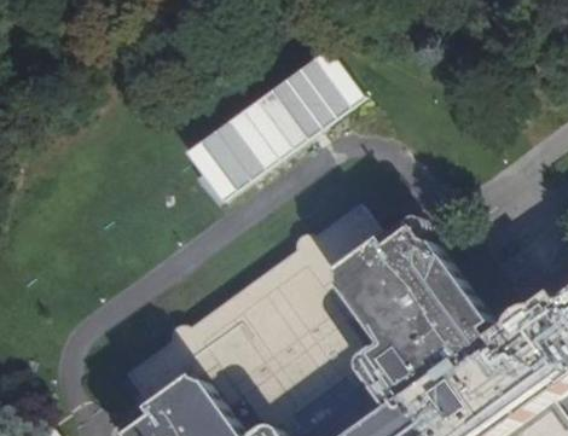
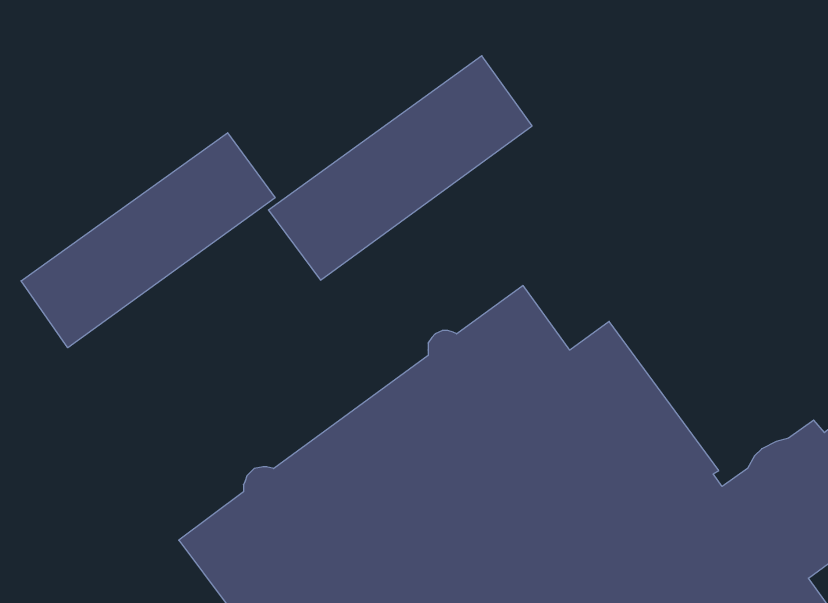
building: none -> [21,133,275,348]

